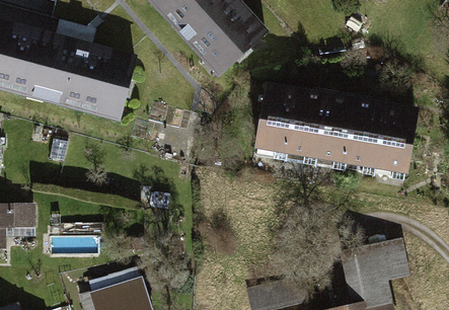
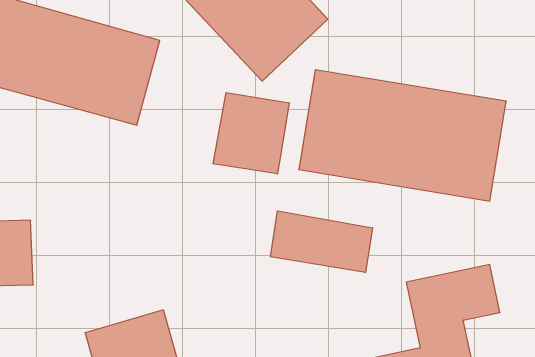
building: none -> [213,93,289,174]
building: none -> [271,211,373,273]

